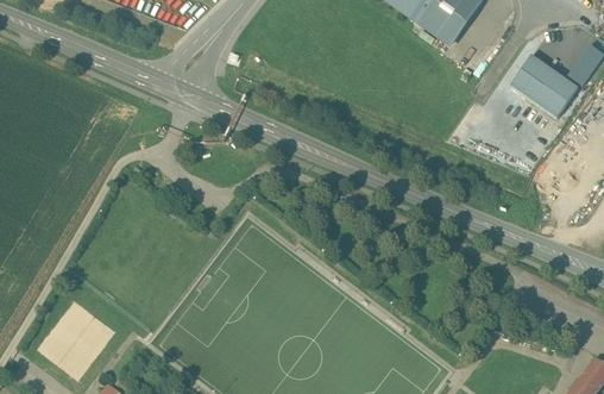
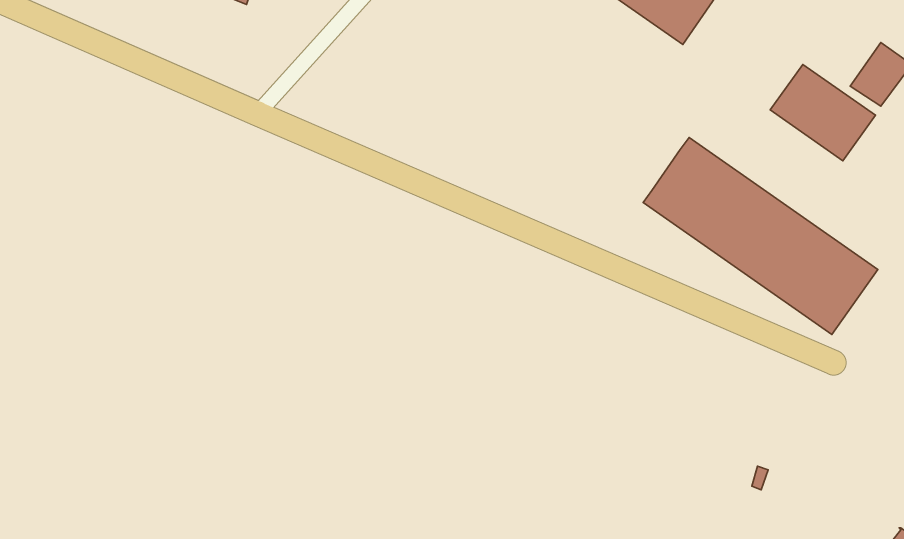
building: none -> [643,137,878,335]

